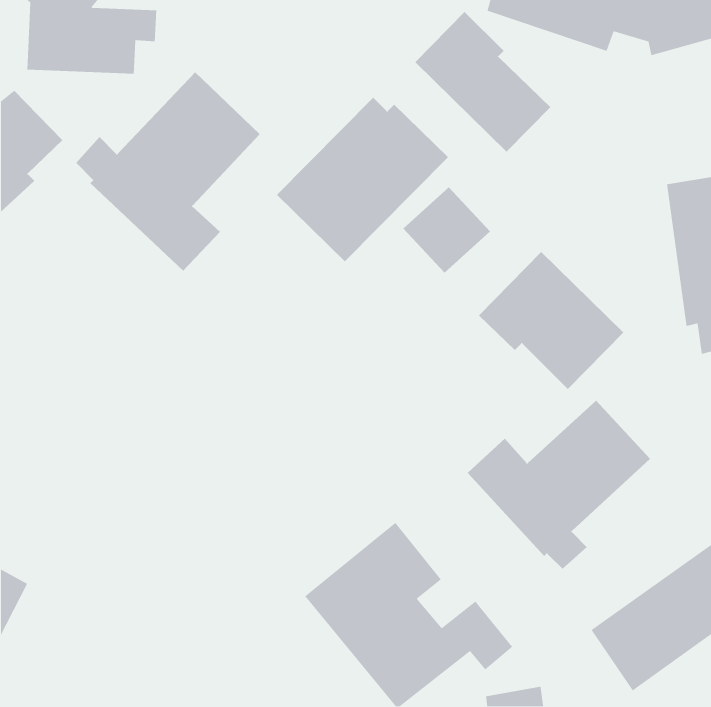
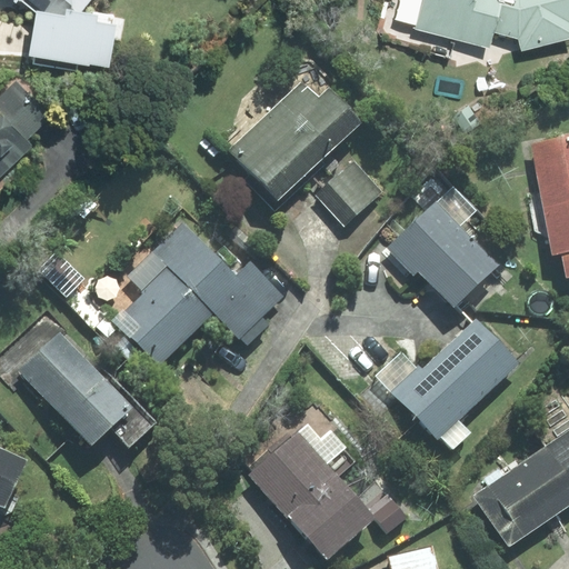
building: [414,11,551,152] -> none
building: [75,72,261,271] -> none
building: none -> [116,218,282,367]
building: none -> [21,332,156,450]

